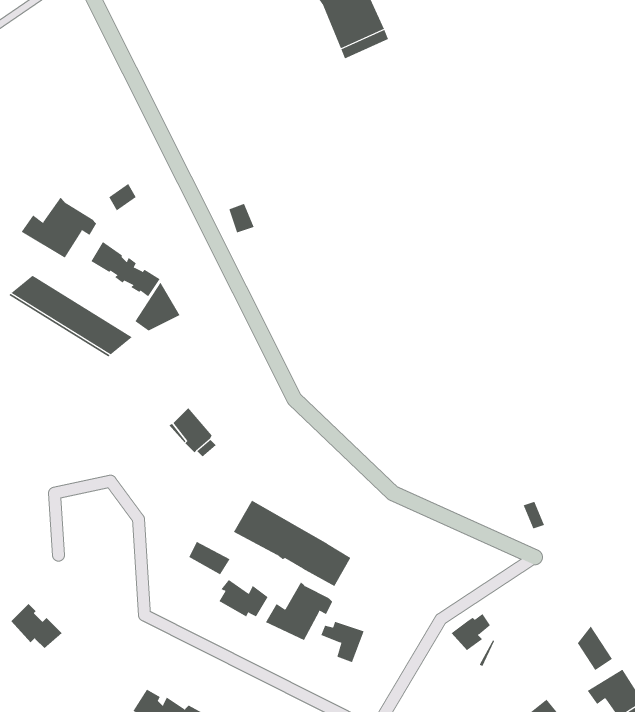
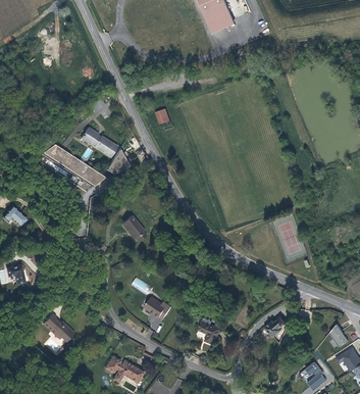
building: [21,197,97,259] -> none
building: [233,500,351,587] -> none
building: [265,582,333,641] -> none

